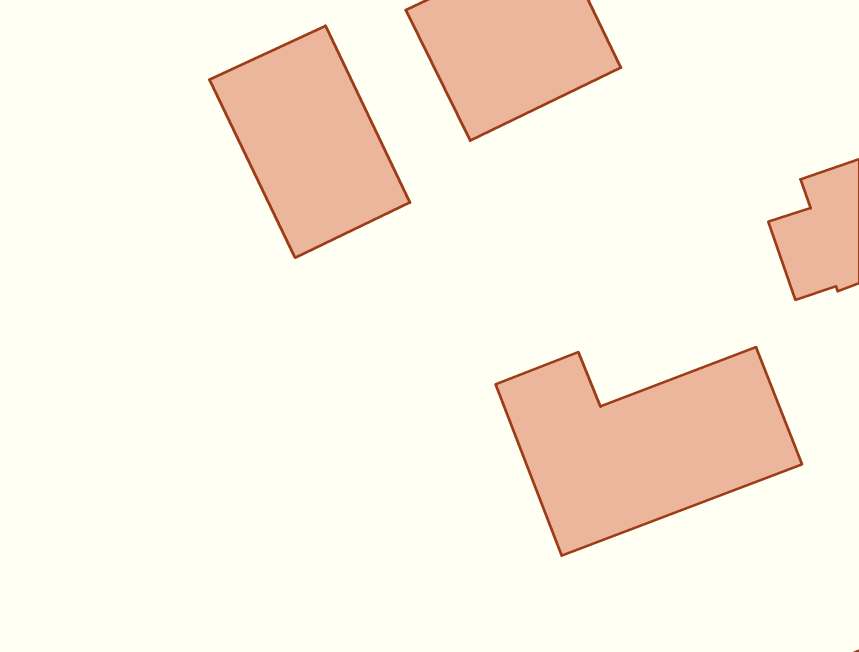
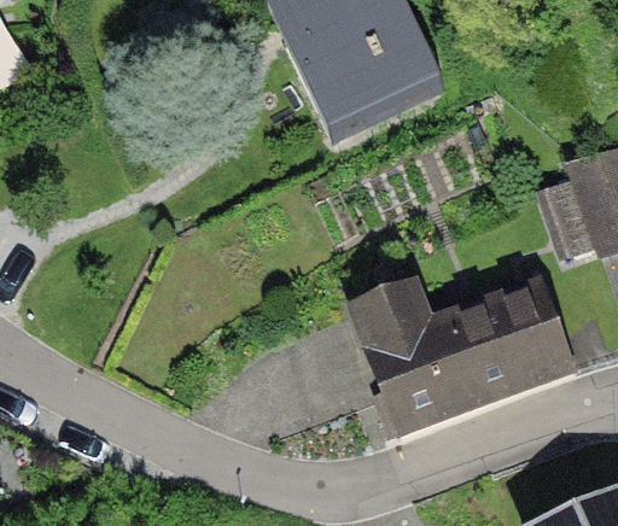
building: [209,26,410,258] -> none

